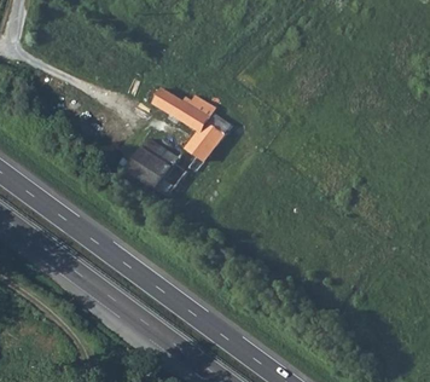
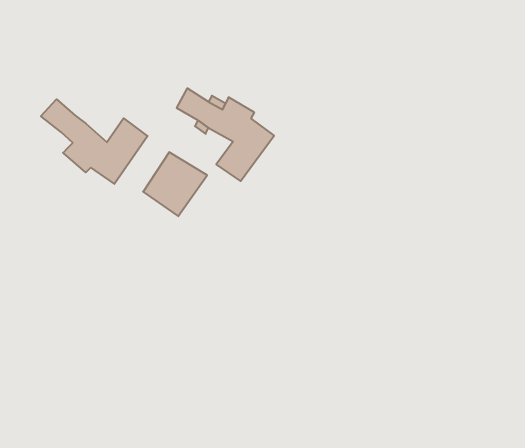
building: none -> [41,99,148,184]

